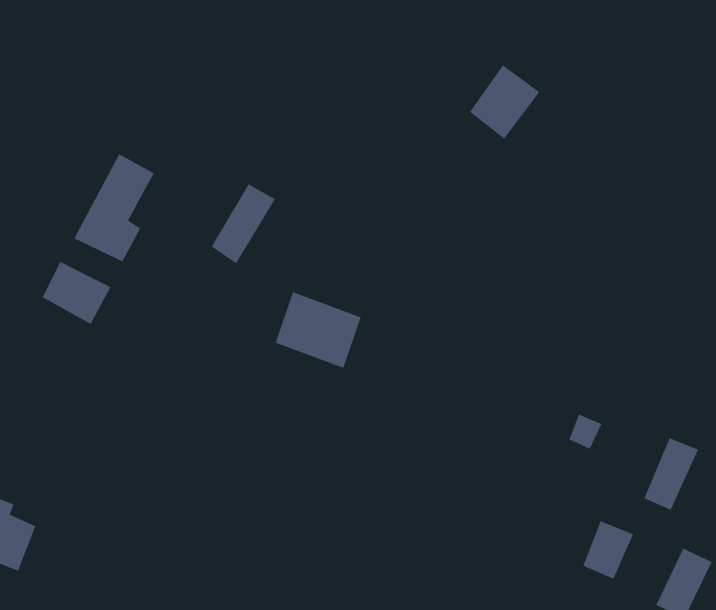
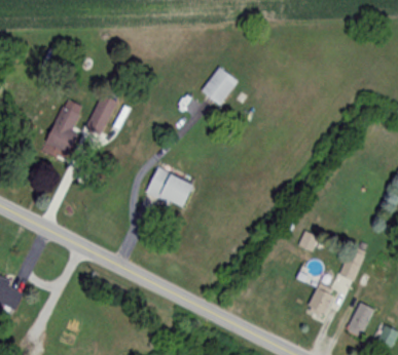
building: [469,64,540,139] -> [202,67,239,106]
building: [211,183,276,264] -> [85,93,119,135]
building: [42,261,111,325] -> none

